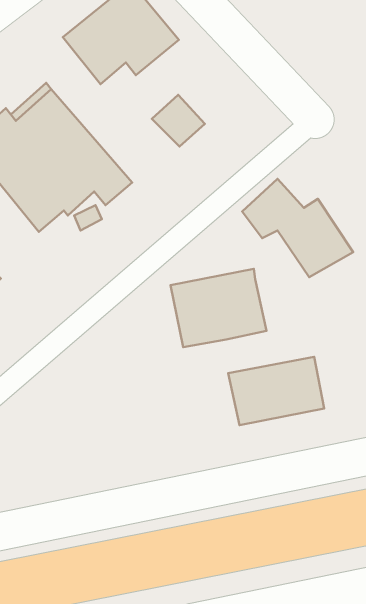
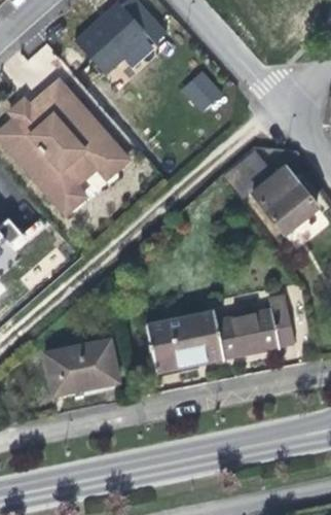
building: [152,95,205,147] -> [182,72,225,114]
building: [170,269,266,347] -> [140,305,218,369]
building: none -> [39,336,111,390]

